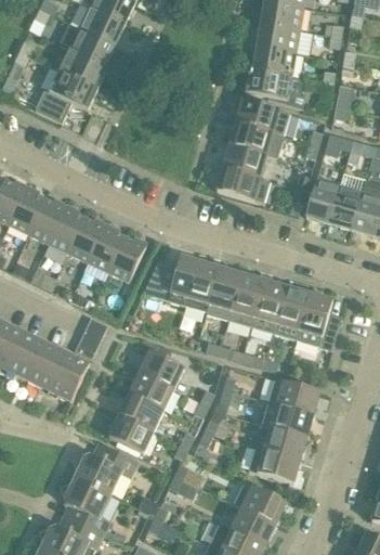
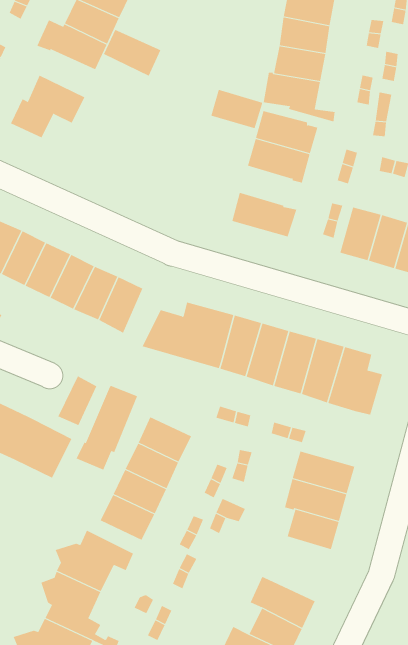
building: [60,48,107,87] -> [103,29,161,76]
building: [224,143,267,176] -> [210,89,263,129]
building: none -> [76,385,138,470]
building: [249,446,300,481] -> none

